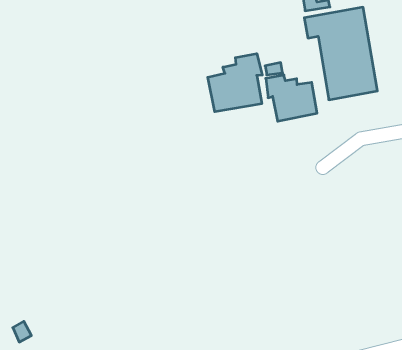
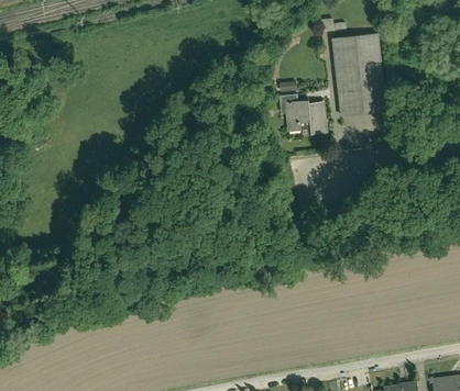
building: [208,54,262,112] -> none

